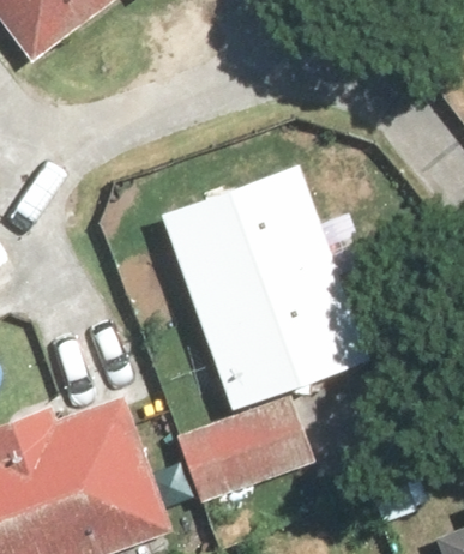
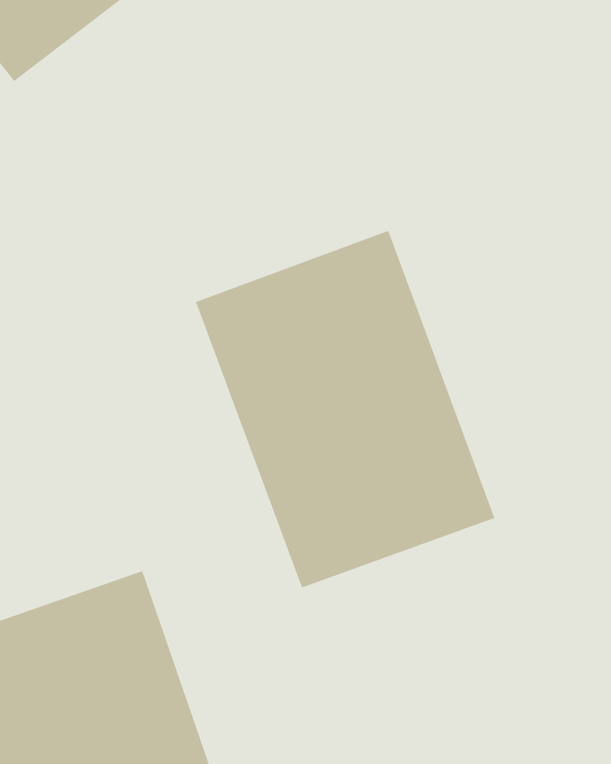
building: [175,401,312,500] -> none

